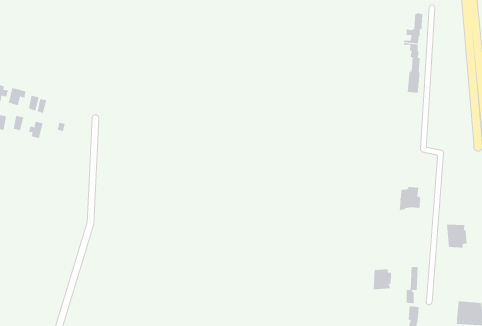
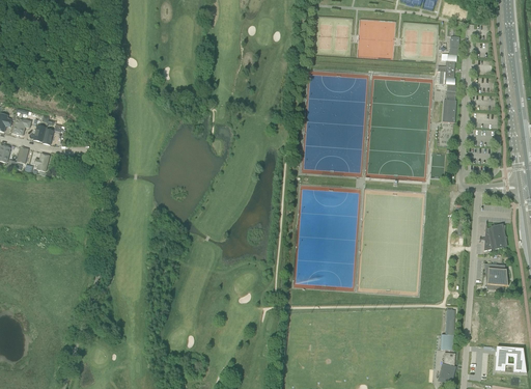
building: [399,186,421,210] -> [483,224,507,250]
building: [373,268,392,290] -> none

